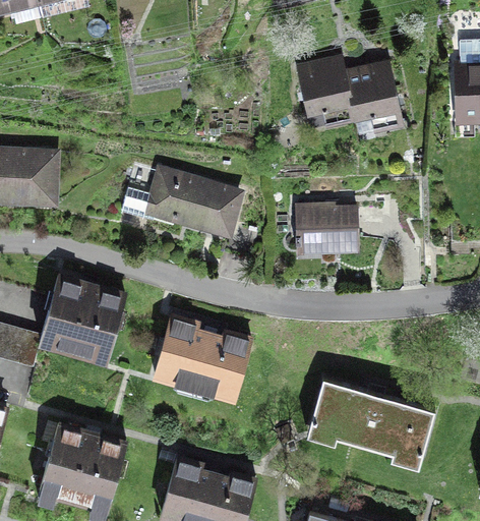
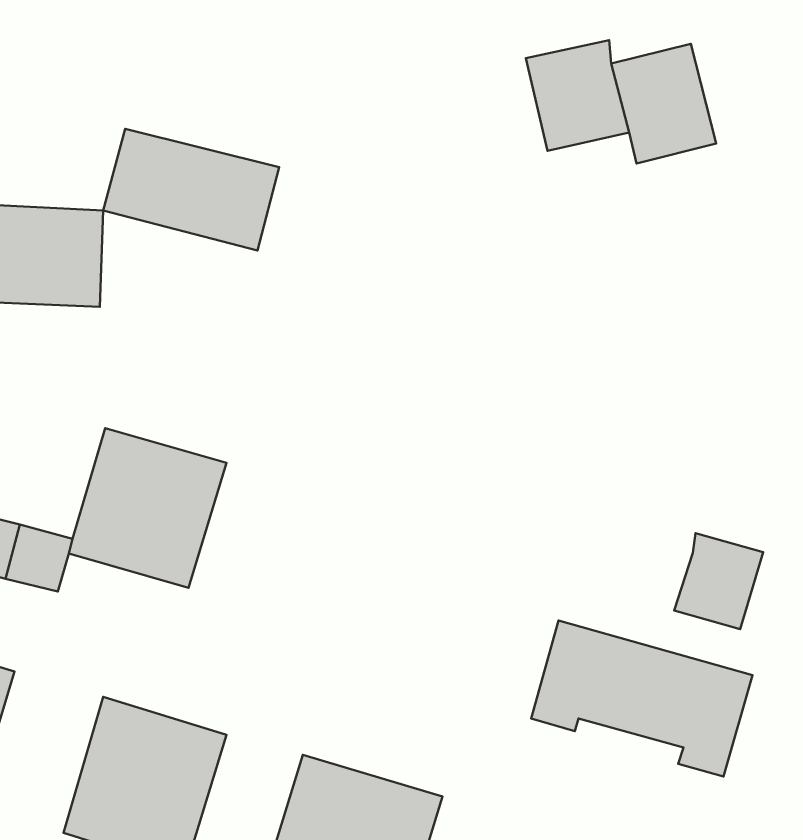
building: [144,168,243,236] -> [103,129,279,251]
building: [296,206,360,256] -> none
building: [156,313,252,402] -> none
building: none -> [674,533,763,629]

